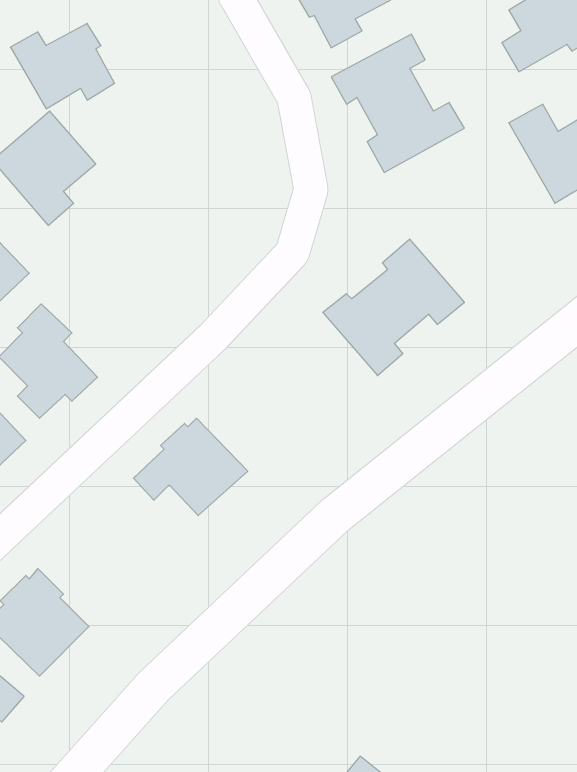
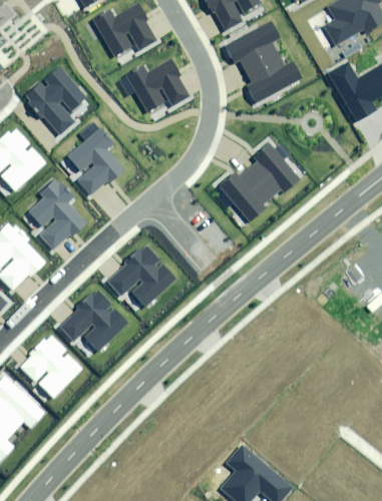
building: [10,23,115,109] -> [93,5,154,55]
building: none -> [125,60,187,110]
building: none -> [67,121,124,194]
building: none -> [59,291,126,350]

